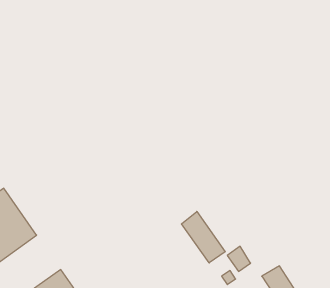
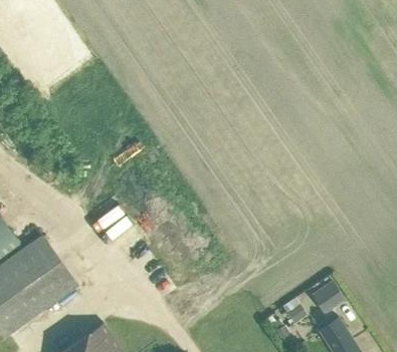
building: [181,211,225,263] -> none
building: none -> [309,279,343,312]

